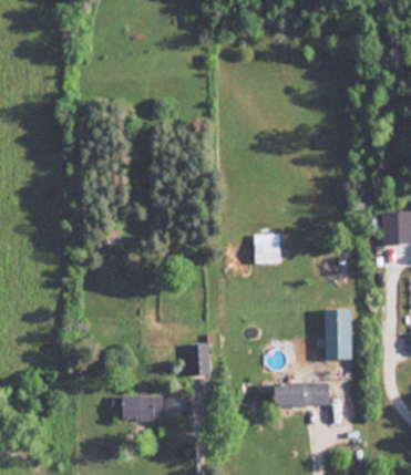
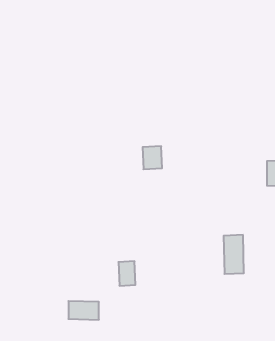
building: [255,234,280,264] -> [143,146,162,169]
building: [275,382,329,406] -> none

